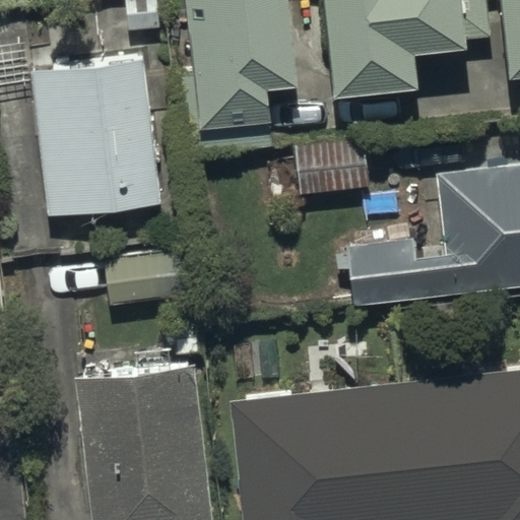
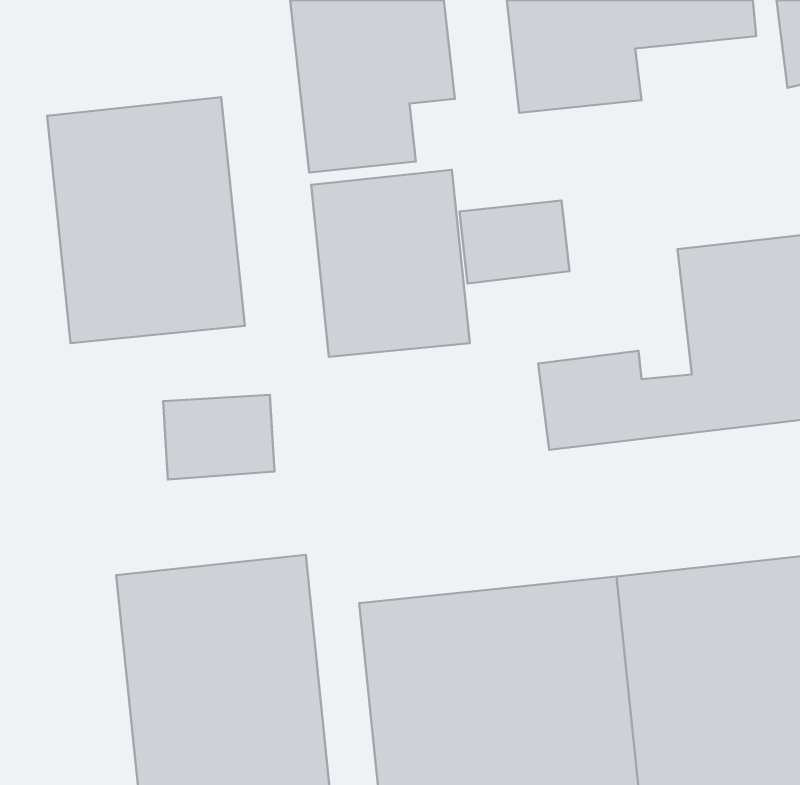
building: none -> [311,170,470,357]

